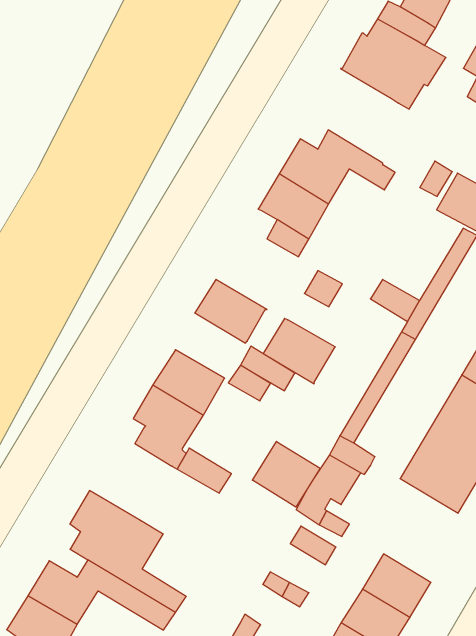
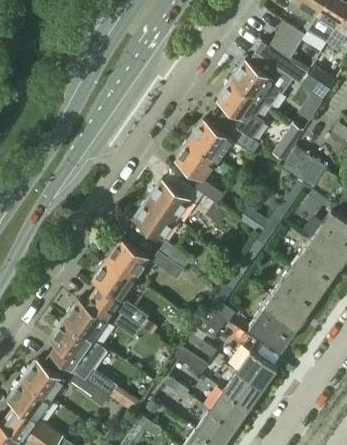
building: none -> [218,81,264,139]
building: [263,318,335,384] -> [148,181,191,221]
building: [252,441,320,507] -> none
building: none -> [64,295,114,341]
building: none -> [236,350,277,390]

